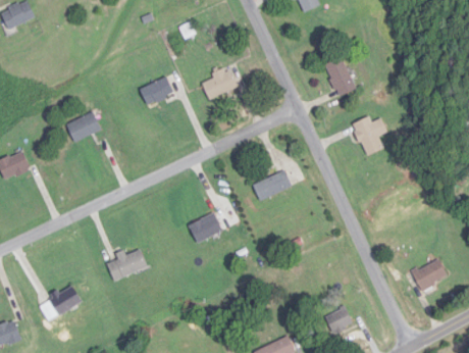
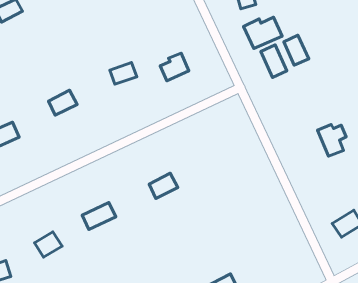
building: none -> [244,17,282,48]
building: none -> [284,35,309,65]
building: [353,116,387,155] -> [318,124,346,156]
building: [253,169,292,200] -> none
building: [325,306,354,334] -> none

